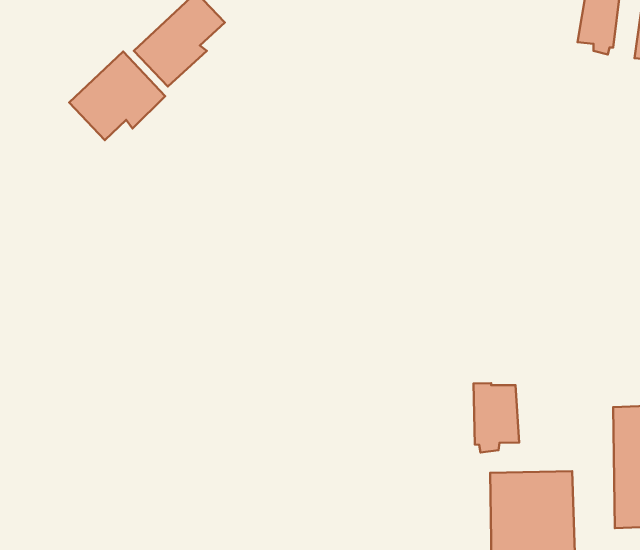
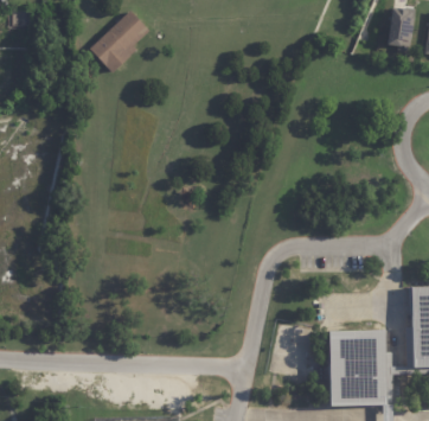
building: [69,52,165,140] -> none
building: [474,383,519,453] -> none

